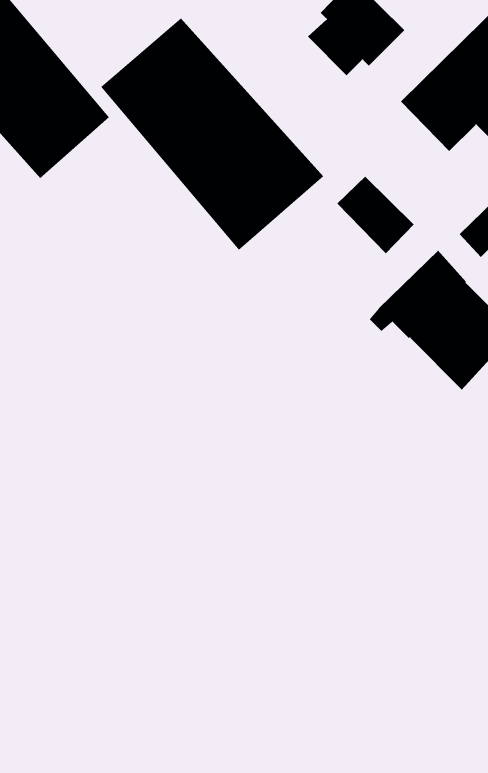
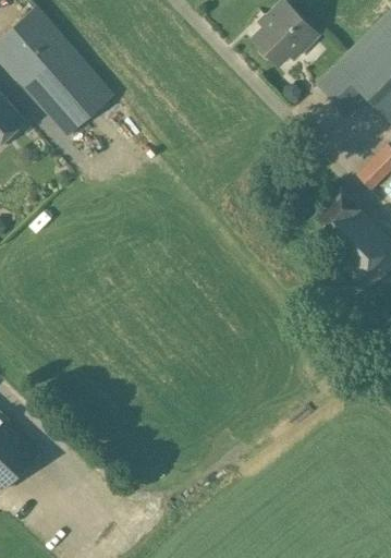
building: [100,17,324,251] -> none
building: [337,176,414,254] -> none

